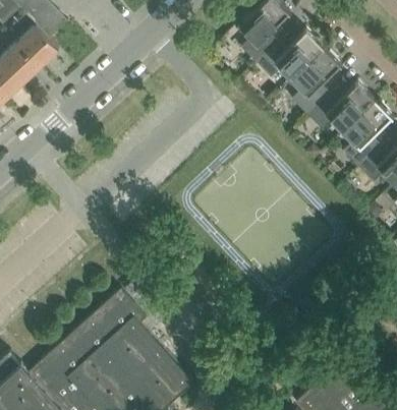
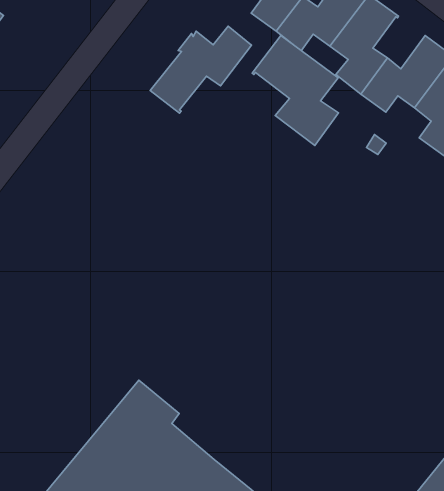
building: none -> [150,26,252,113]
building: none -> [252,36,339,146]

